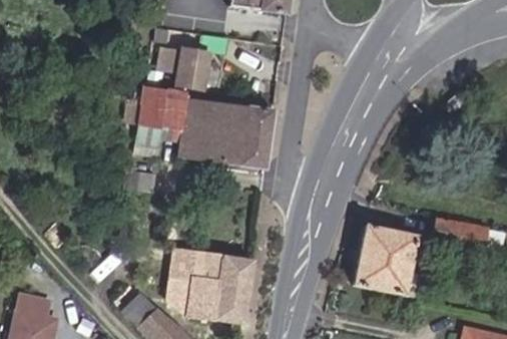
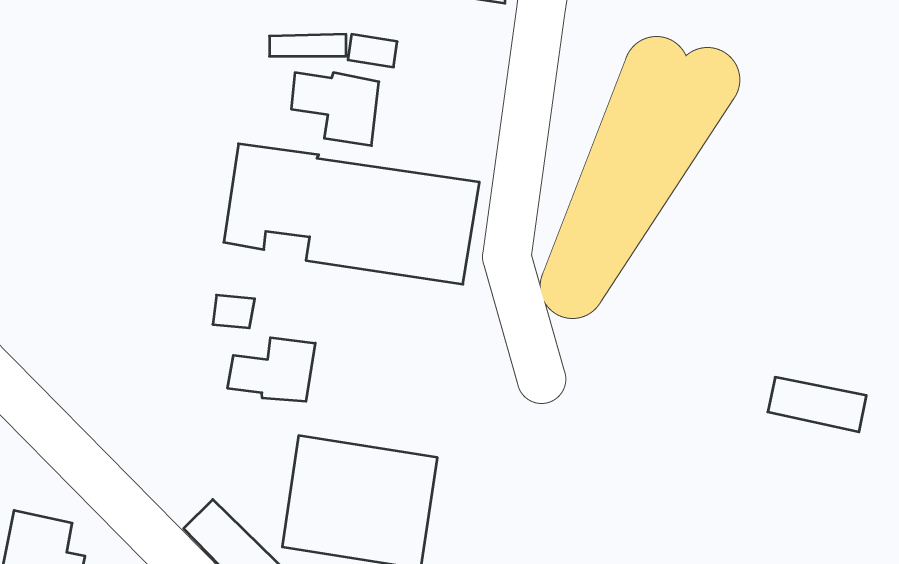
building: none -> [228,338,315,401]
building: [354,223,416,292] -> none

